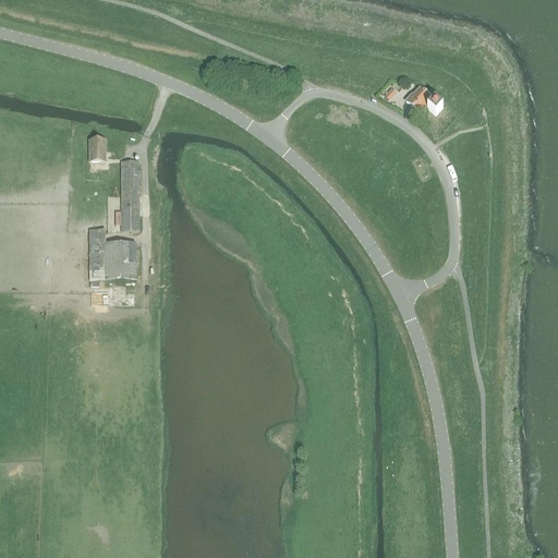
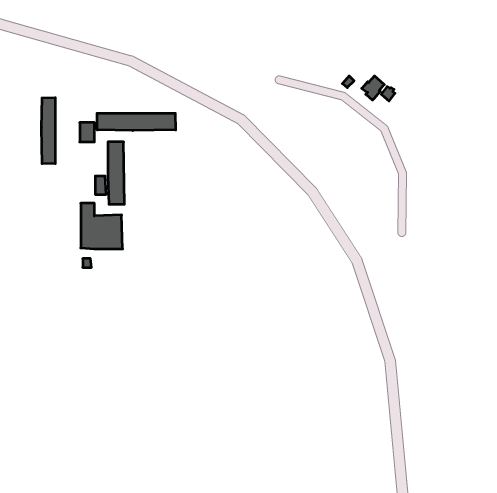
building: none -> [42,98,55,164]
building: none -> [97,113,176,131]

